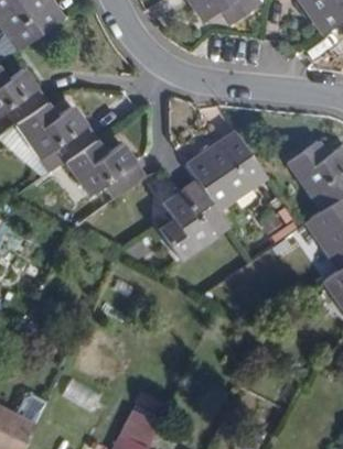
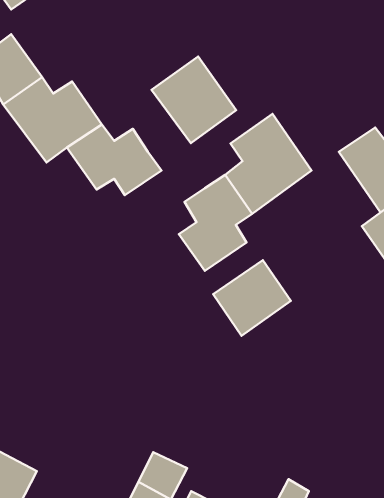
building: none -> [152,57,236,143]
building: none -> [213,260,291,336]

